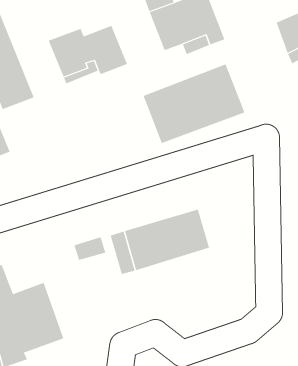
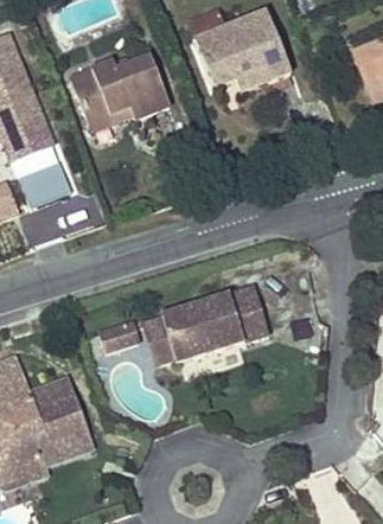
building: [143,64,245,144] -> none
building: none -> [19,161,72,209]

